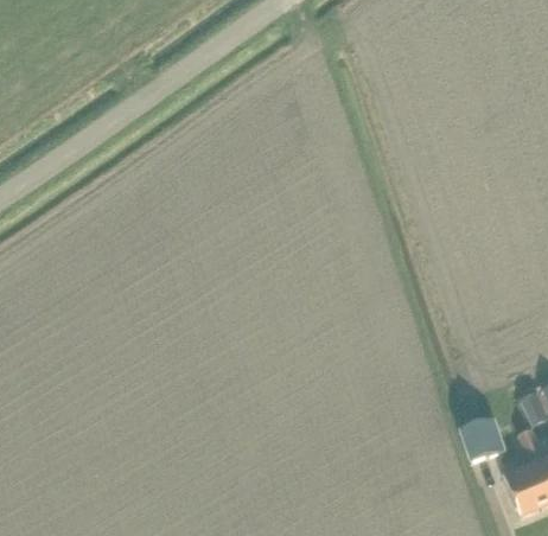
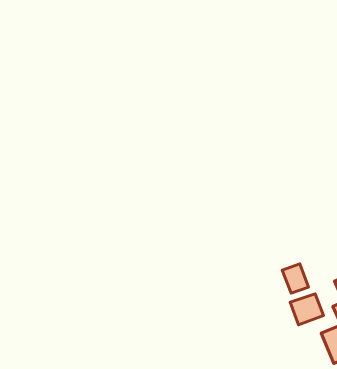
building: none -> [282,264,308,293]

